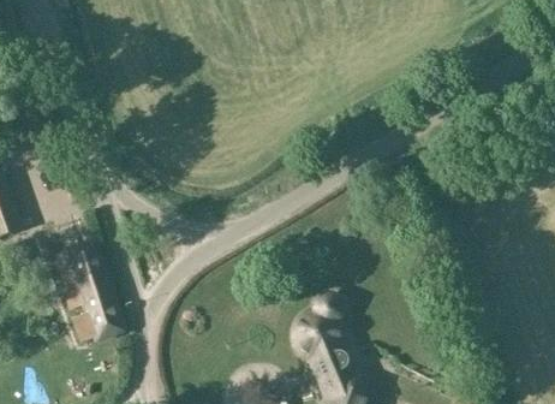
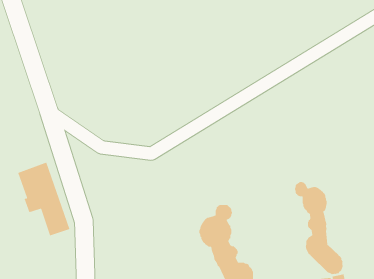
building: none -> [294,181,343,275]

